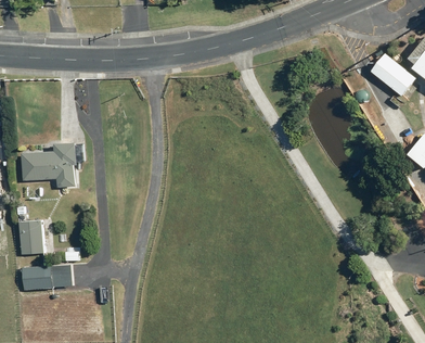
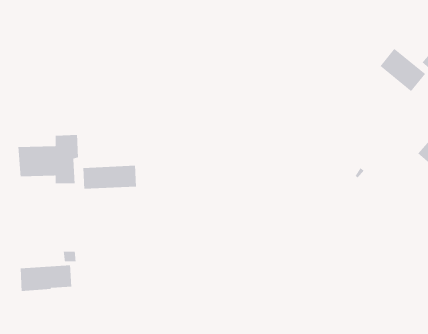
building: none -> [83,165,137,190]
building: [17,218,42,253] -> none

